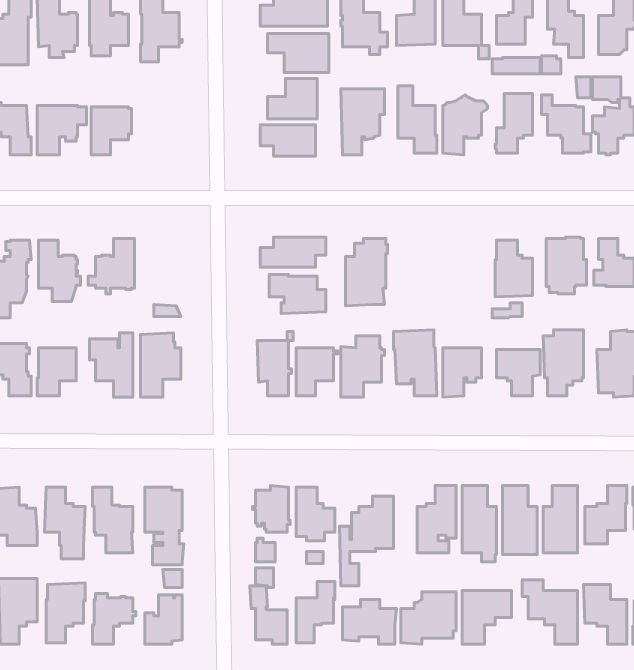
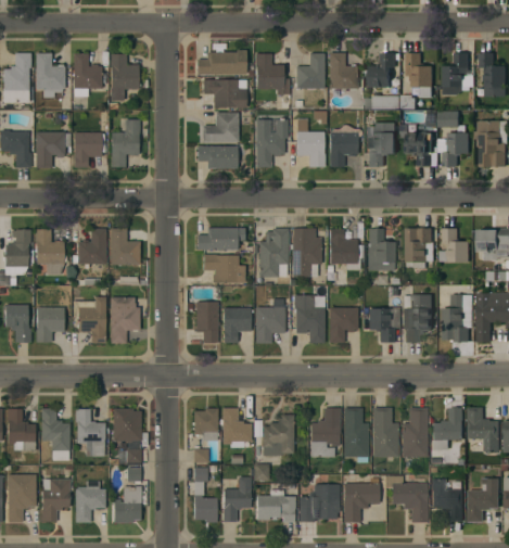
building: none -> [112,119,140,166]
building: none -> [111,228,140,264]
building: none -> [293,228,322,277]
building: none -> [330,228,360,269]

